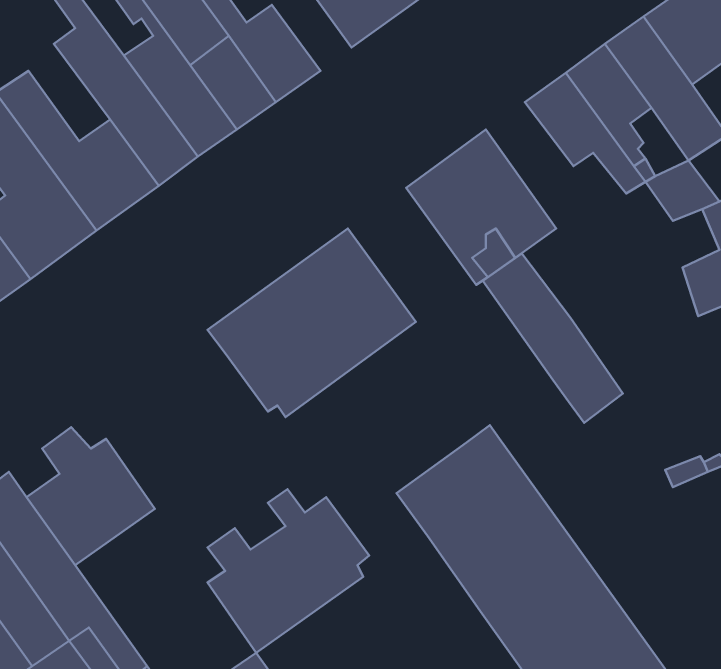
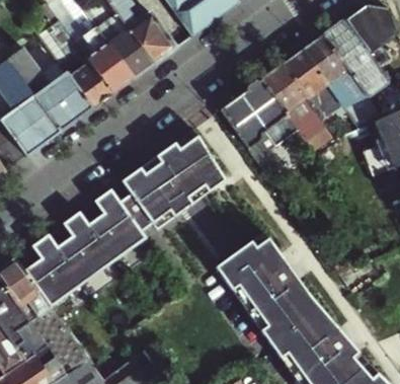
building: [483,254,623,423] -> [262,64,335,152]
building: [208,489,369,653] -> [65,190,149,276]

